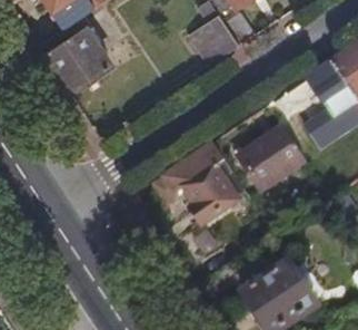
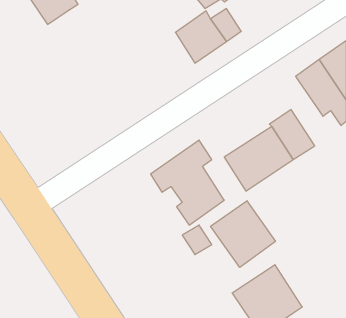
building: [38,14,111,93] -> none
building: none -> [211,201,275,267]

